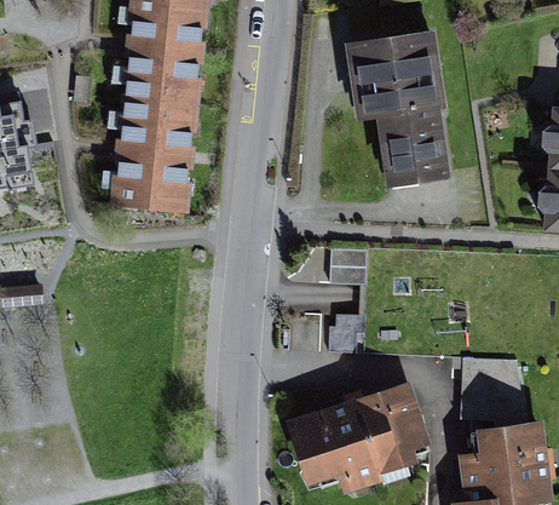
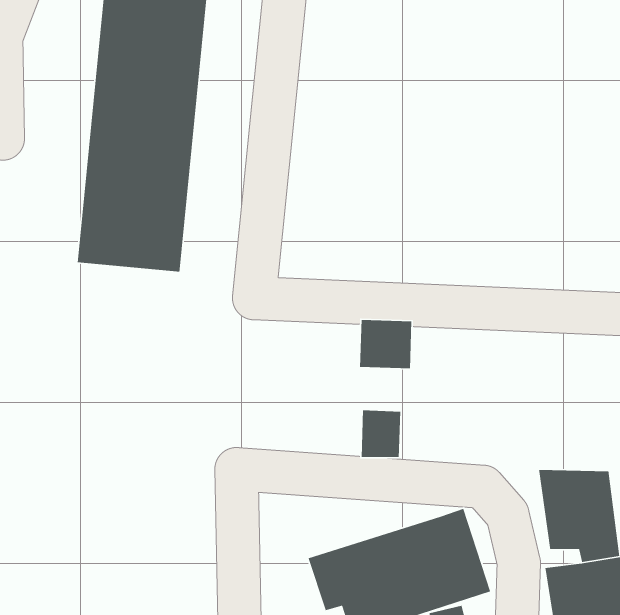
building: [342,25,456,185] -> none

